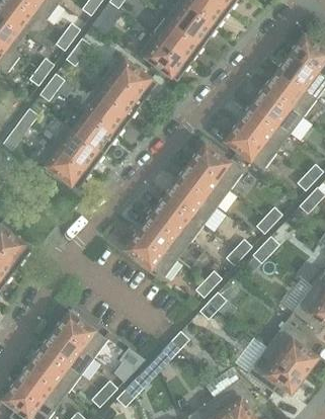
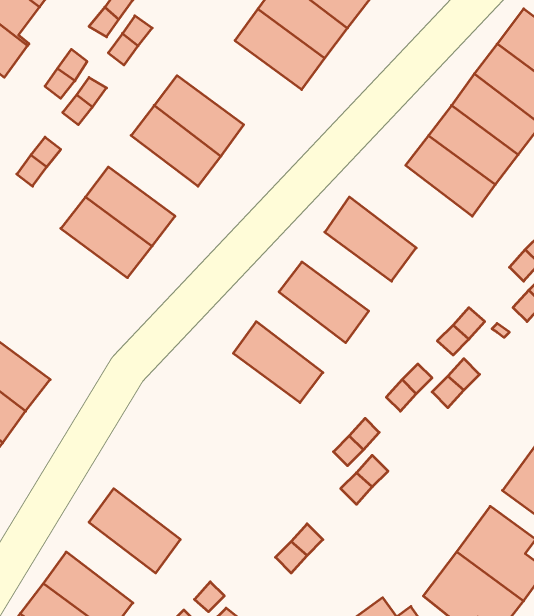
building: [104,55,156,101] -> none
building: [65,107,116,154] -> none
building: [224,124,274,170] -> none
building: [176,163,228,208] -> none
building: [150,197,201,244] -> none
building: [124,233,175,278] -> none
building: [40,330,92,376] -> none

